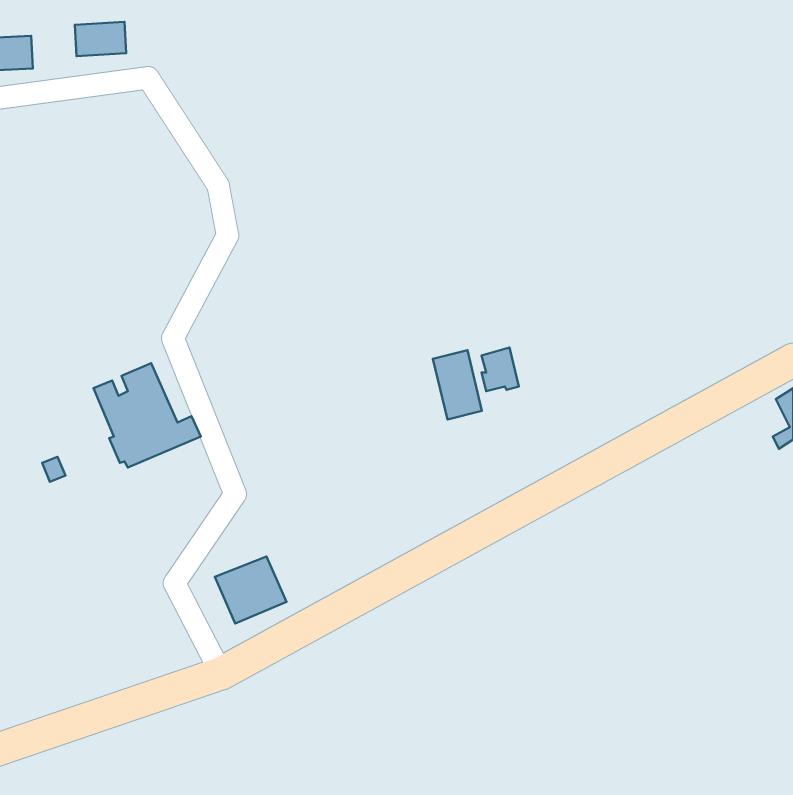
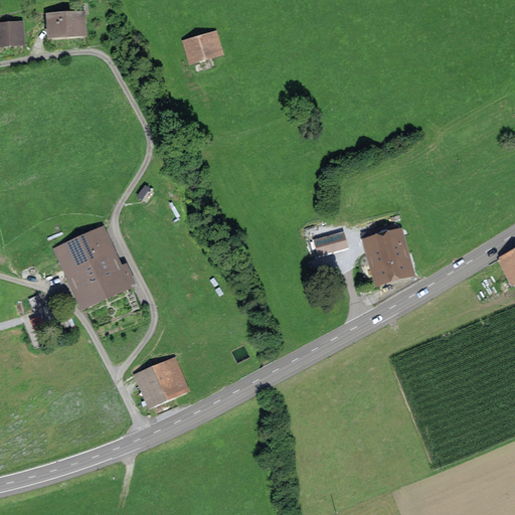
building: none -> [186,35,219,60]
building: [433,350,482,420] -> none
building: none -> [368,233,412,281]

